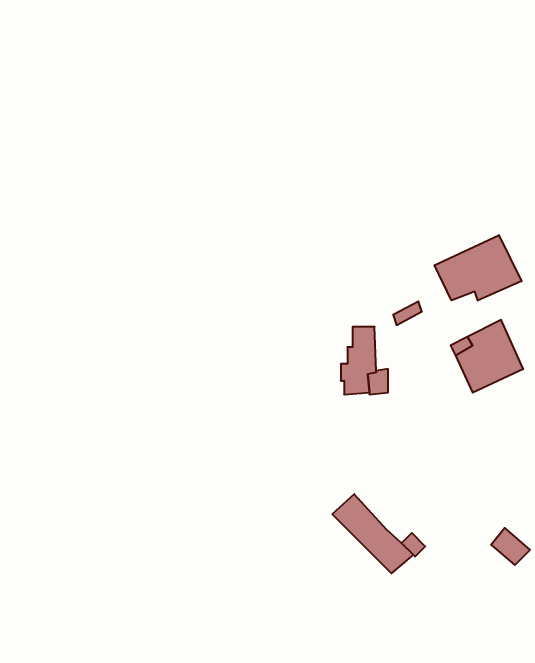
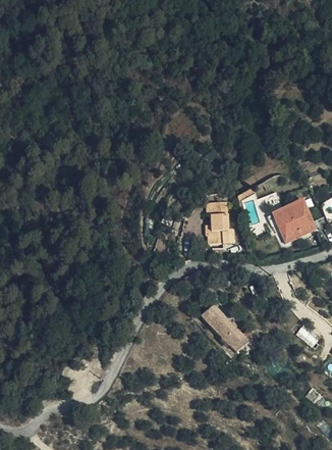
building: [435,235,522,301] -> none

